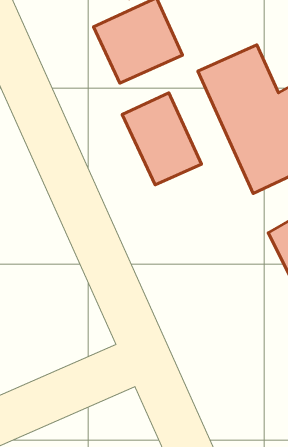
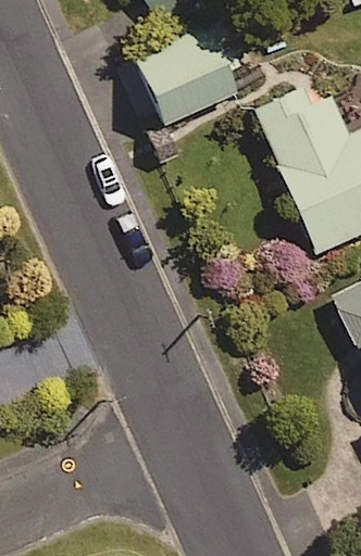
building: [122,93,201,185] -> none

